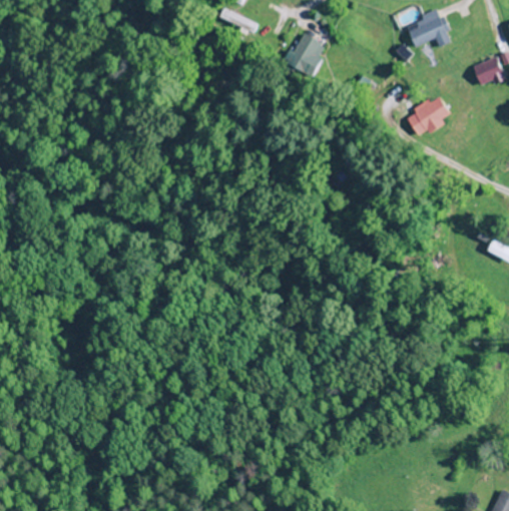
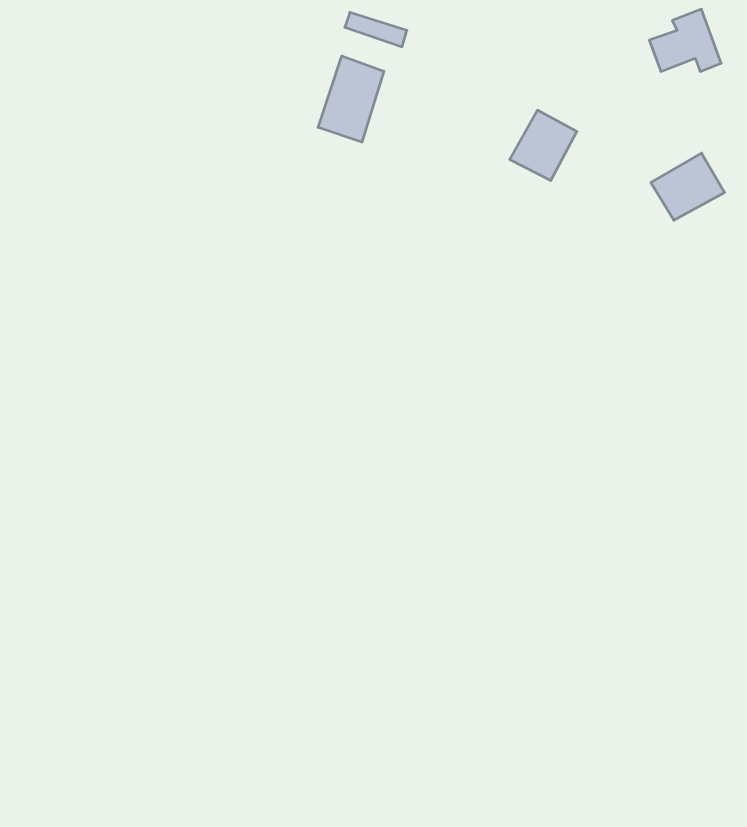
building: [287,32,328,75] -> [510,110,577,181]
building: none -> [318,56,384,142]

